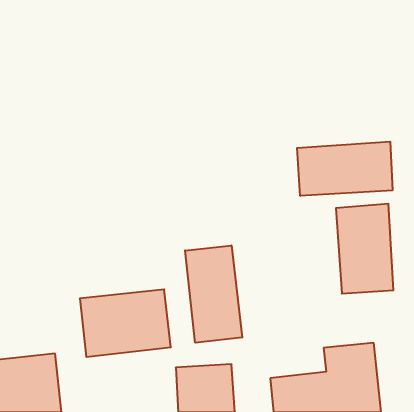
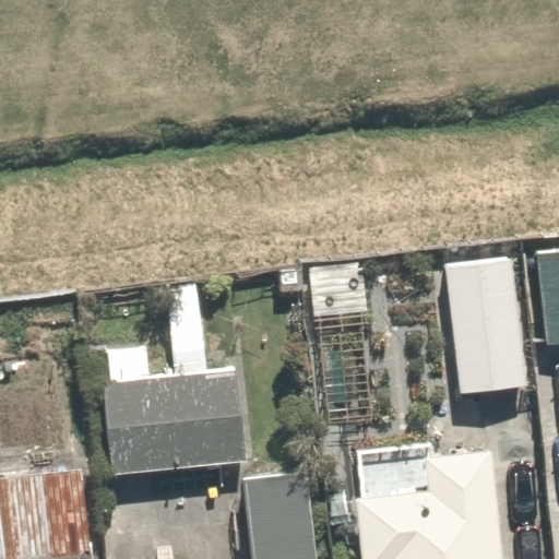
building: [297,142,392,196] -> none
building: [185,245,242,343] -> none

